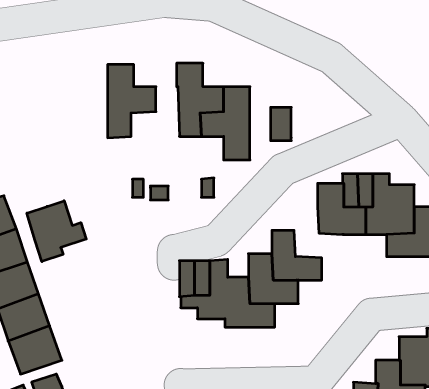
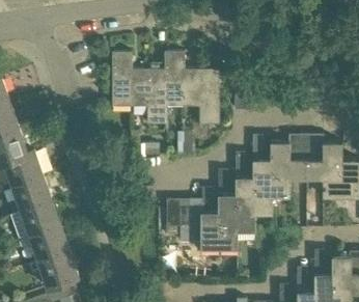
building: none -> [129,68,166,123]
building: [27,201,86,262] -> none
building: none -> [251,159,288,197]

